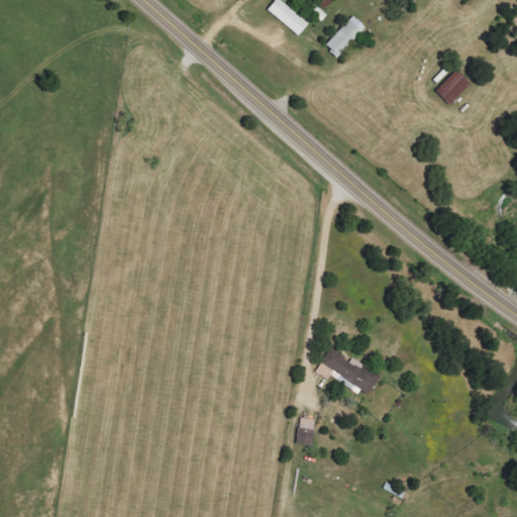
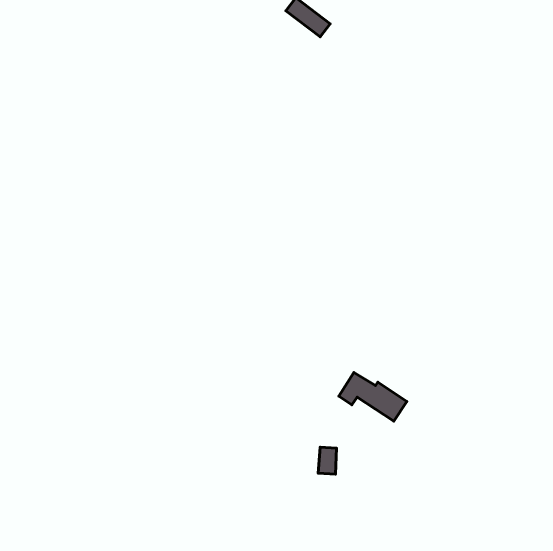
building: [325,15,366,57] -> none
building: [435,69,471,104] -> none

